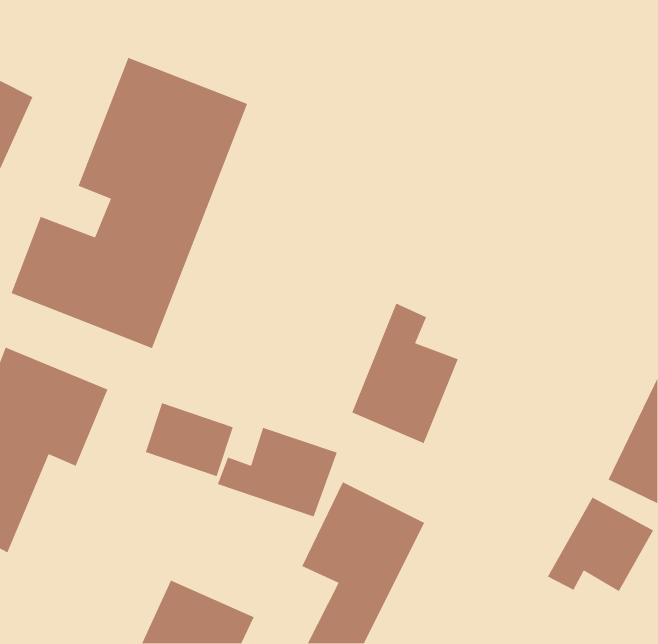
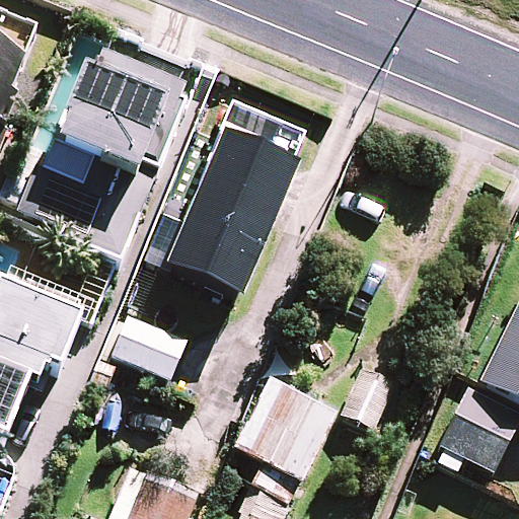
building: none -> [140,131,298,296]
building: [351,303,459,444] -> none
building: [217,427,338,518] -> none

